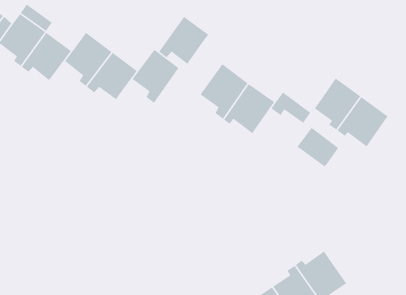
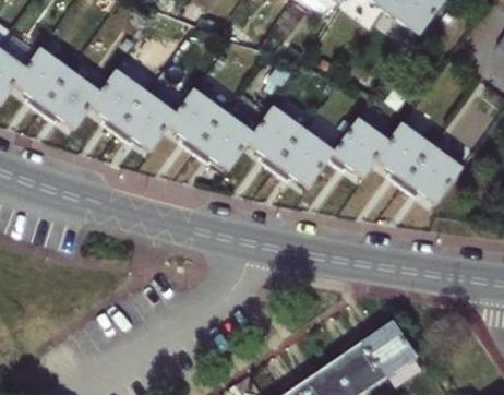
building: [158,16,209,65] -> [193,111,252,168]
building: [296,127,339,168] -> [341,116,391,163]

